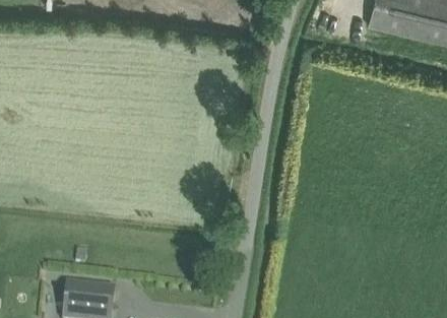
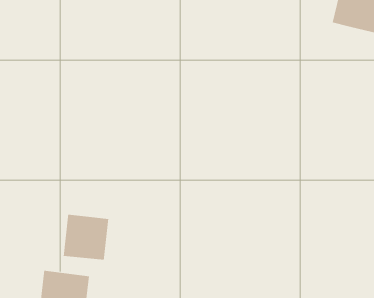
building: none -> [63,214,109,260]

